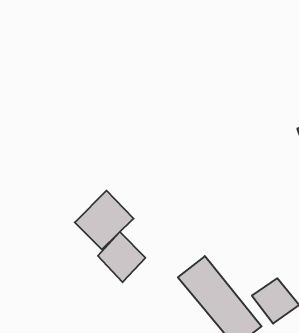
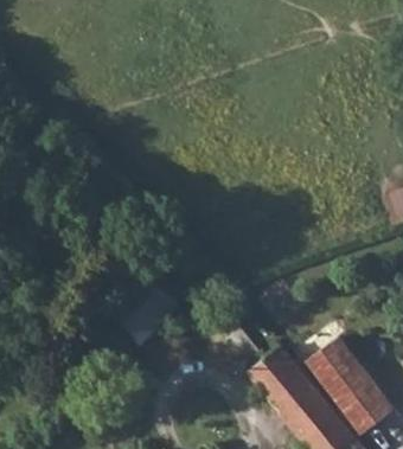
building: [98,232,145,282] -> none
building: none -> [311,339,369,398]

